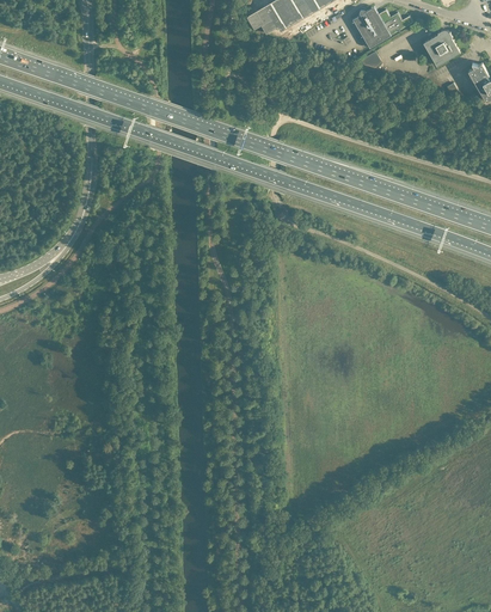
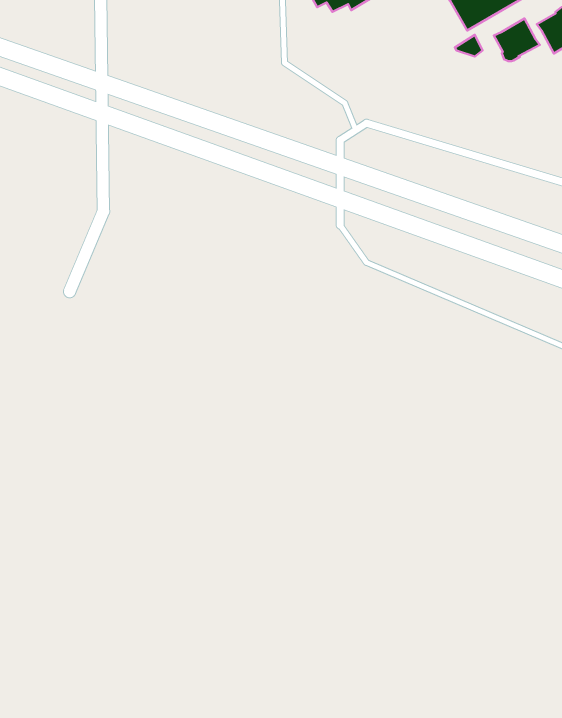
building: none -> [494,18,540,61]

